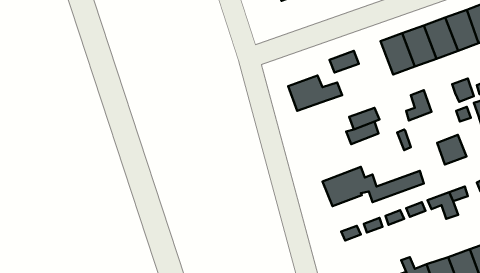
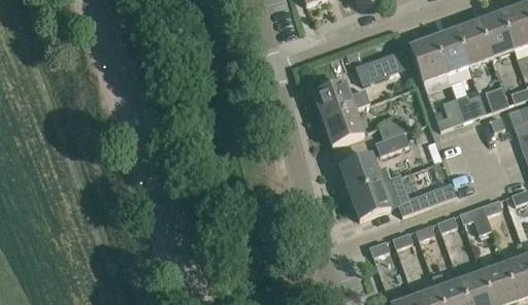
building: none -> [323,108,364,145]
building: [437,135,467,164] -> [456,90,487,121]
building: none -> [340,156,390,194]

